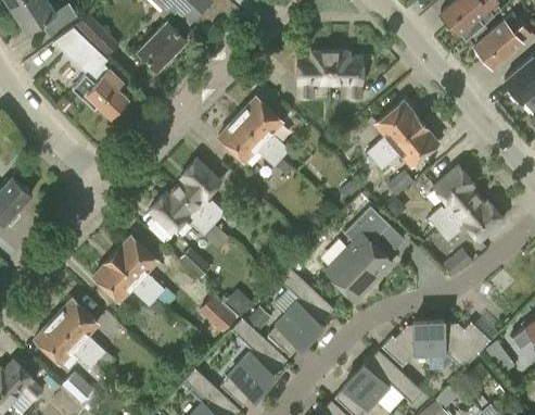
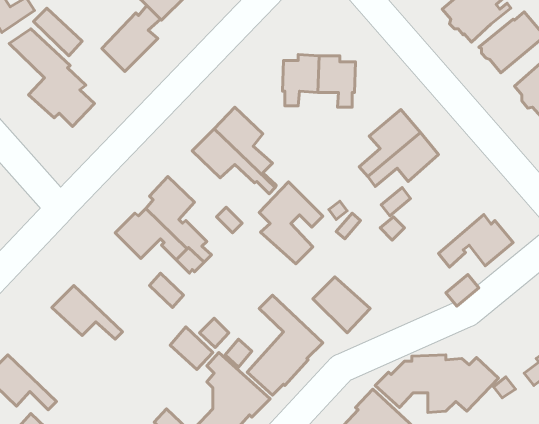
building: [428,166,477,230] -> none
building: [344,206,400,279] -> [259,182,323,264]
building: [113,239,165,300] -> none
building: [54,301,106,362] -> none

